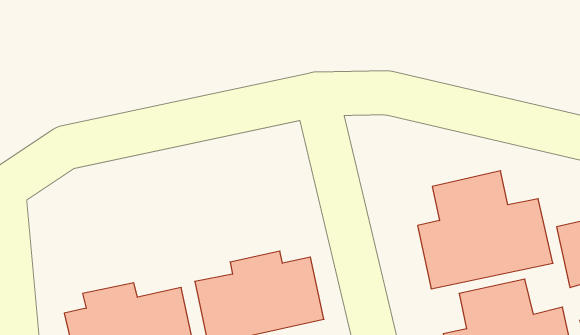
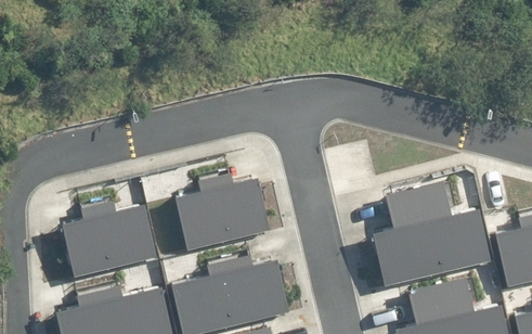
building: none -> [177,171,270,248]
building: none -> [63,201,158,277]

